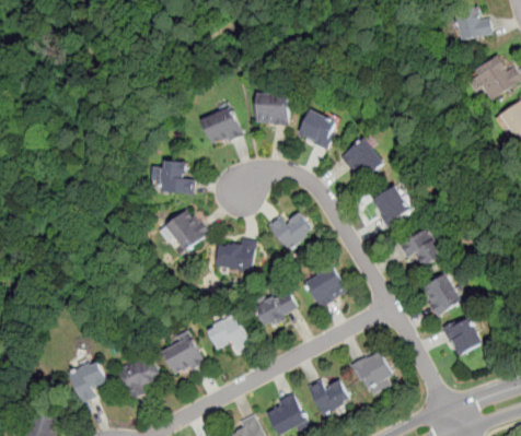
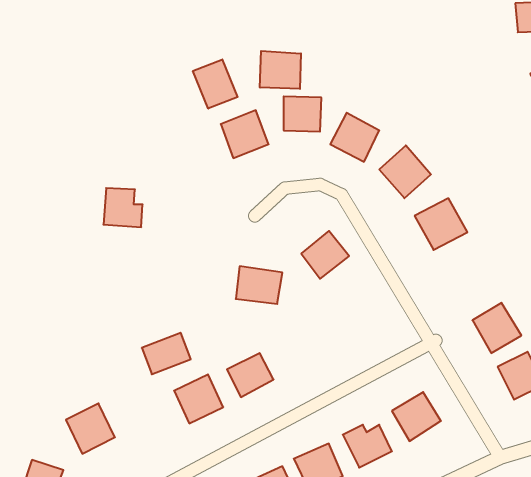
building: none -> [260,51,301,89]
building: none -> [193,59,238,109]
building: [160,161,194,195] -> [103,188,143,227]
building: [164,207,208,251] -> none
building: [397,226,442,267] -> none
building: [303,267,346,308] -> none
building: [252,290,297,330] -> none
building: [116,356,159,392] -> [142,333,191,374]

